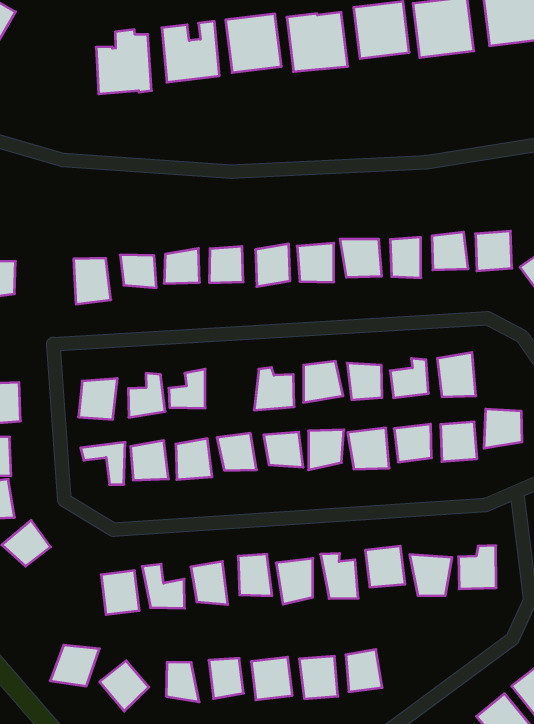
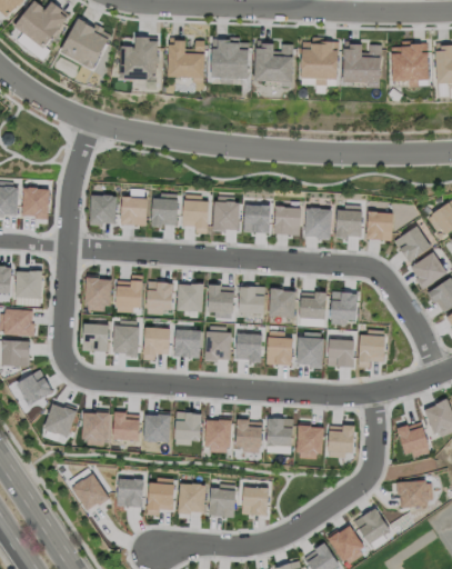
building: none -> [62,23,112,74]
building: none -> [177,283,203,311]
building: [50,645,100,686] -> [39,406,76,436]

